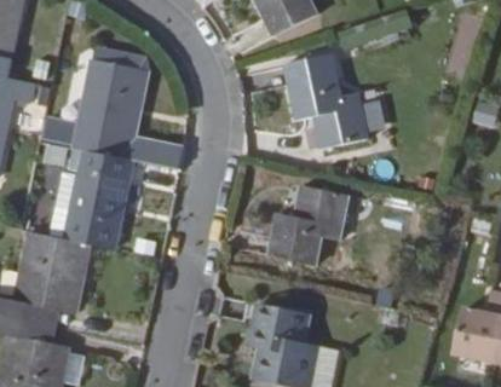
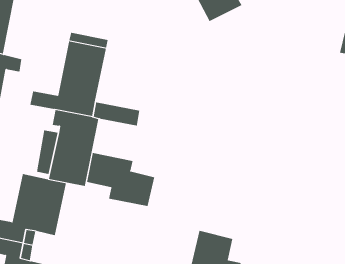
building: [287,53,367,146] -> none
building: [270,183,349,268] -> none
building: none -> [87,152,155,207]

